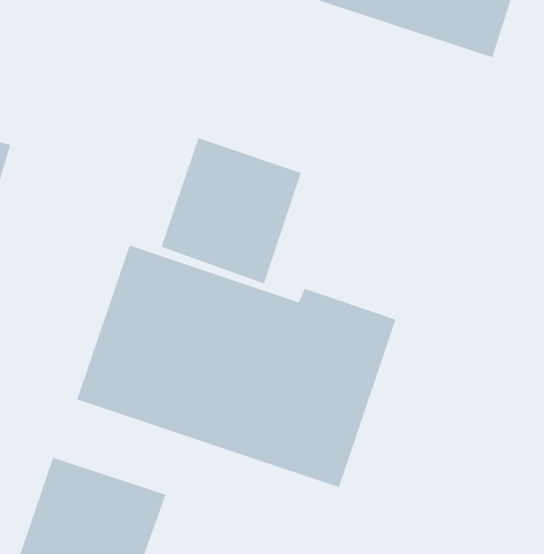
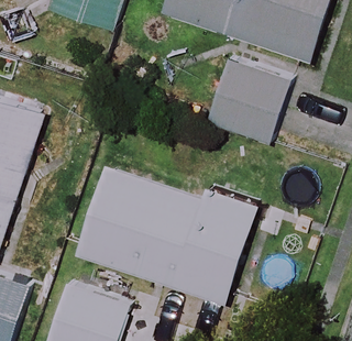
building: [160,137,302,285] -> [209,61,288,143]

